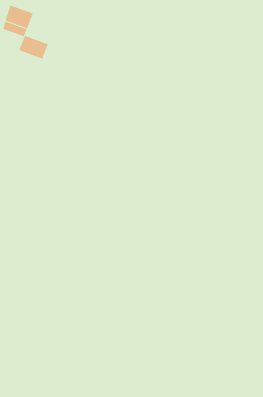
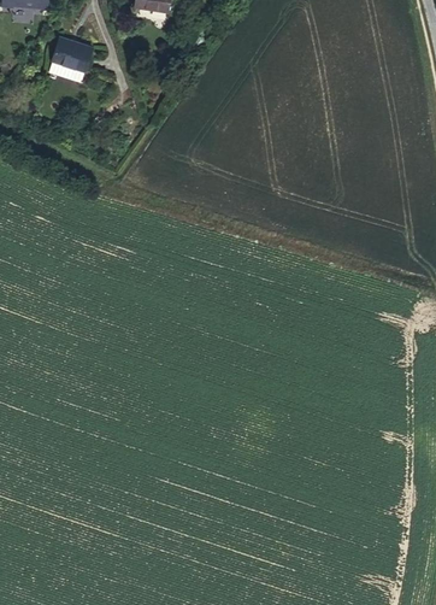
building: [18,35,48,60] -> none

